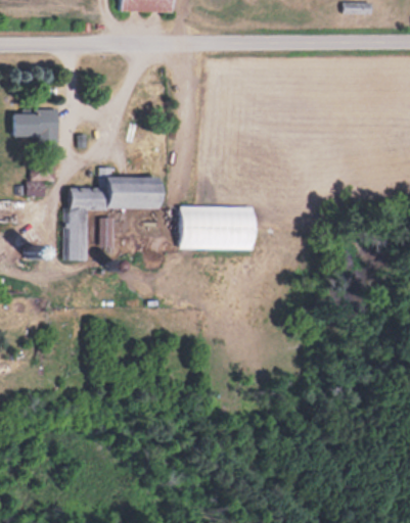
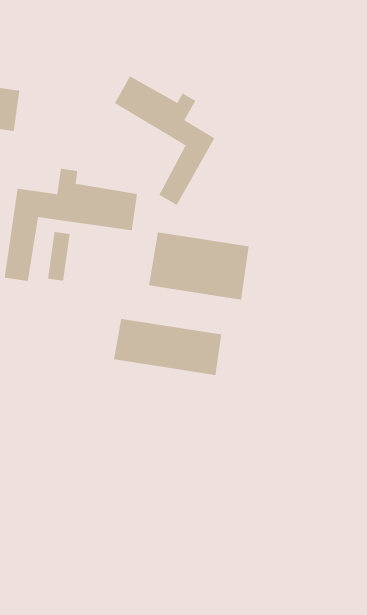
building: none -> [114,75,215,206]
building: none -> [114,318,222,376]

